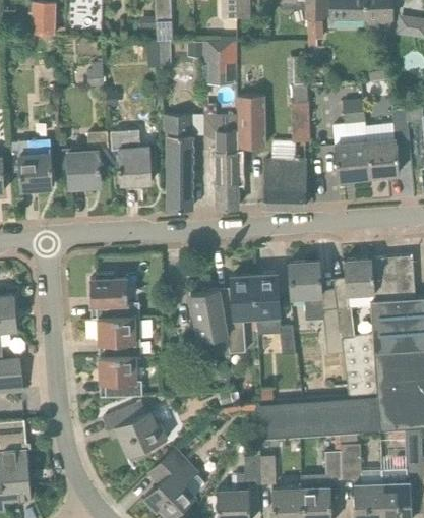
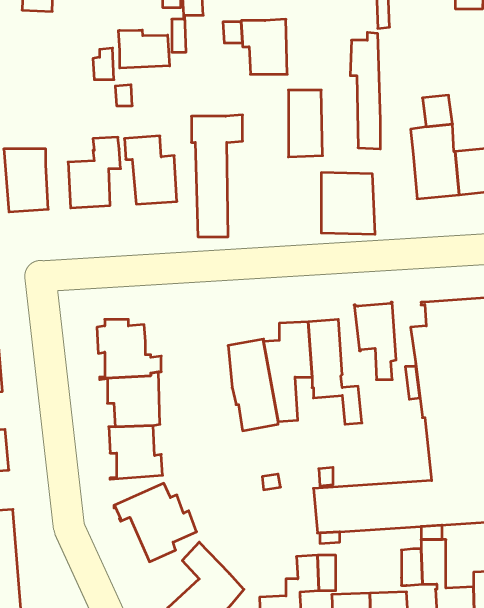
building: none -> [118,30,170,68]
building: [216,131,237,209] -> none

